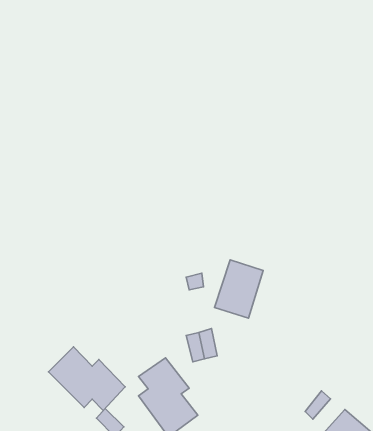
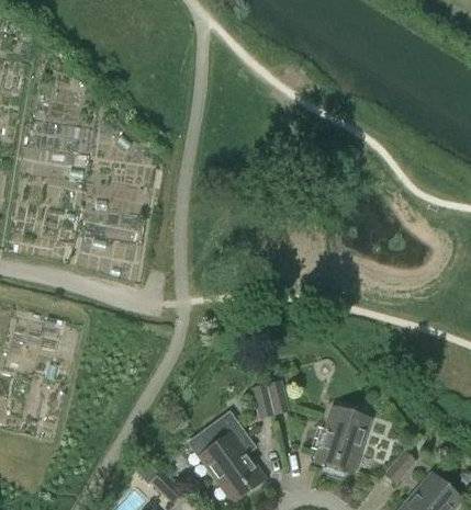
building: [214,260,263,318] -> [315,407,370,473]
building: [49,347,125,411] -> none

